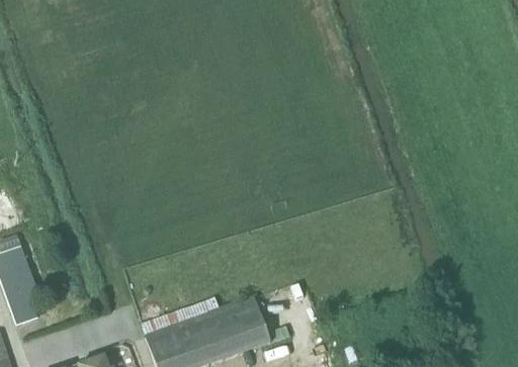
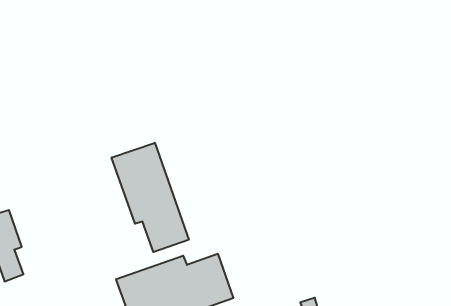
building: none -> [112,143,189,252]

